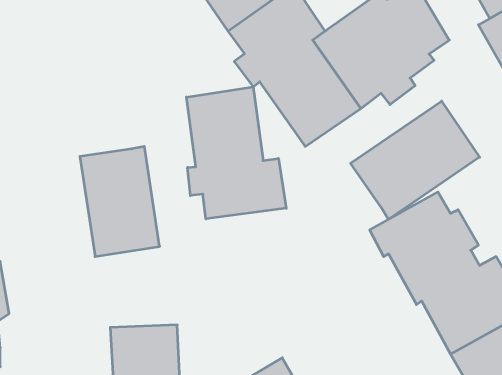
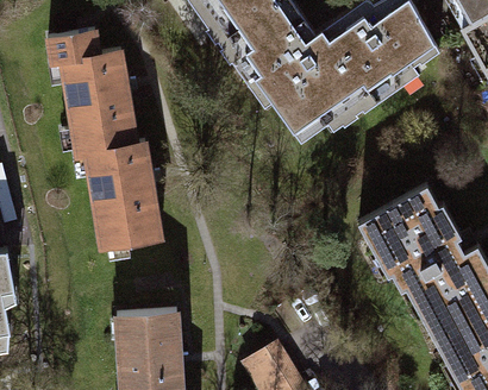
building: none -> [48,31,134,153]
building: [186,87,286,219] -> none
building: [351,101,480,219] -> none

